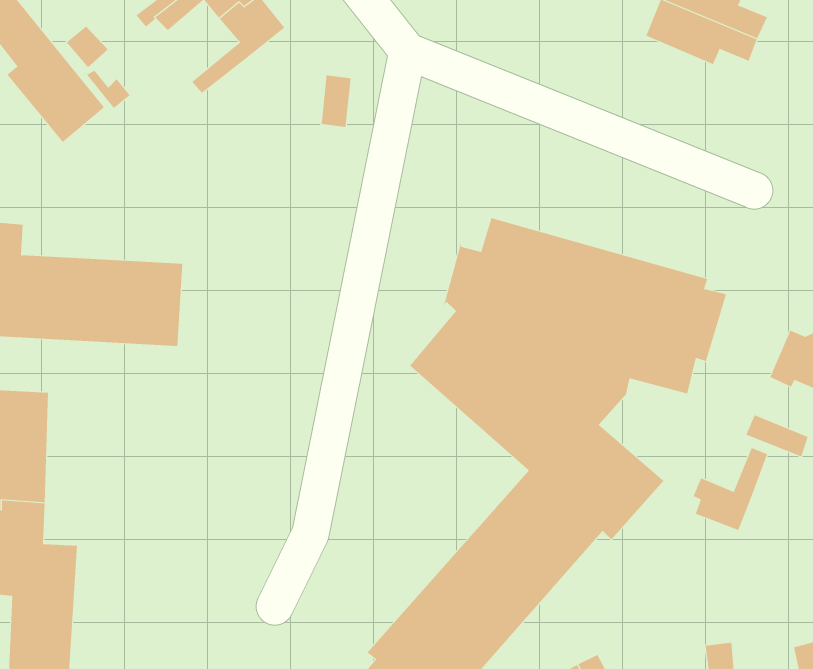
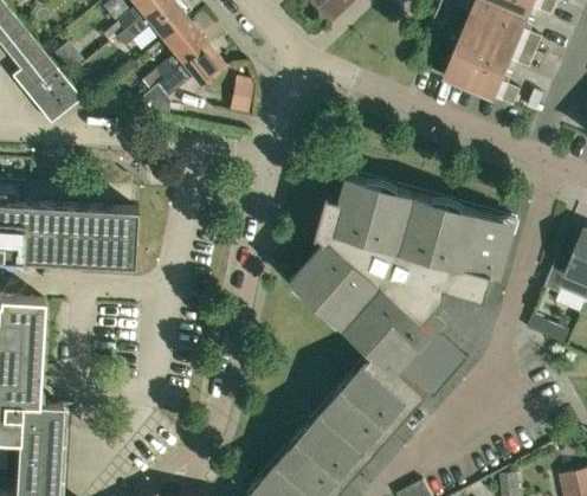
building: none -> [130,43,224,115]
building: none -> [445,49,520,104]
building: [693,447,768,531] -> none

